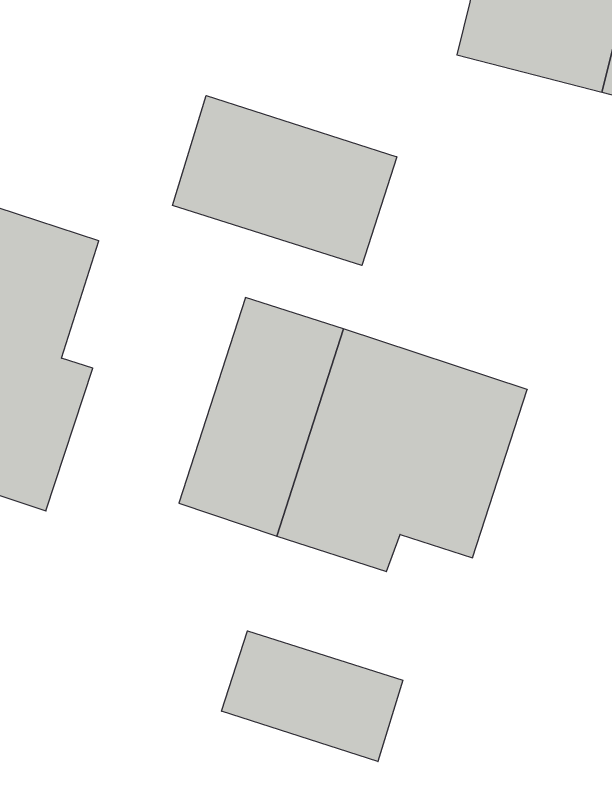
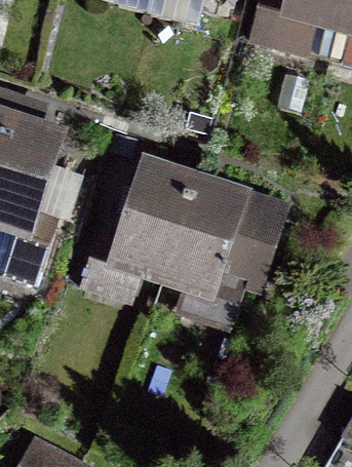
building: [173,96,397,265] -> none
building: [222,631,403,762] -> none

